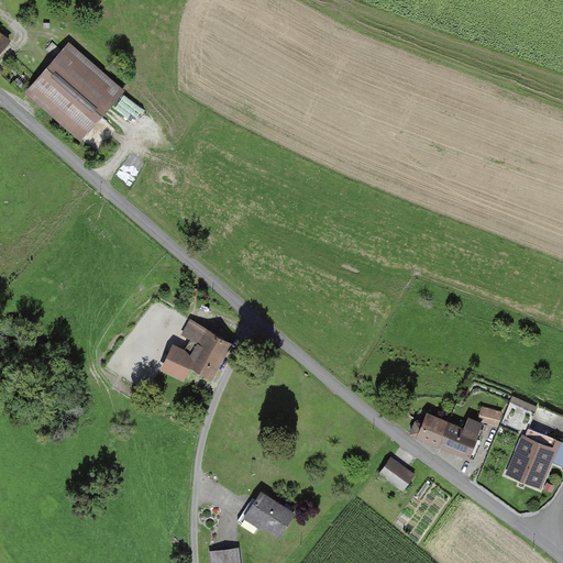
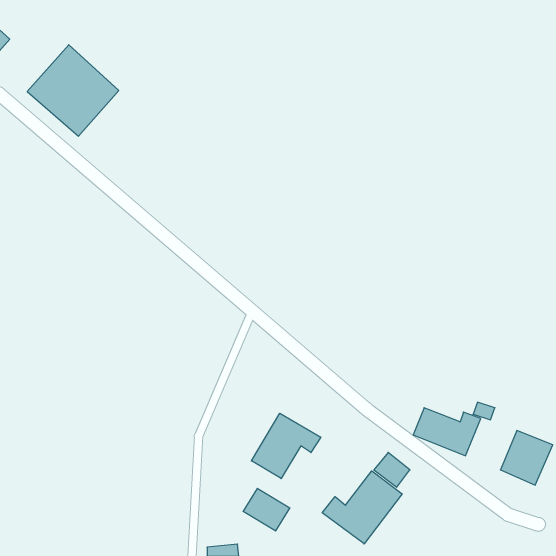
building: [161,319,231,382] -> none
building: none -> [251,413,321,479]
building: none -> [322,471,402,544]

